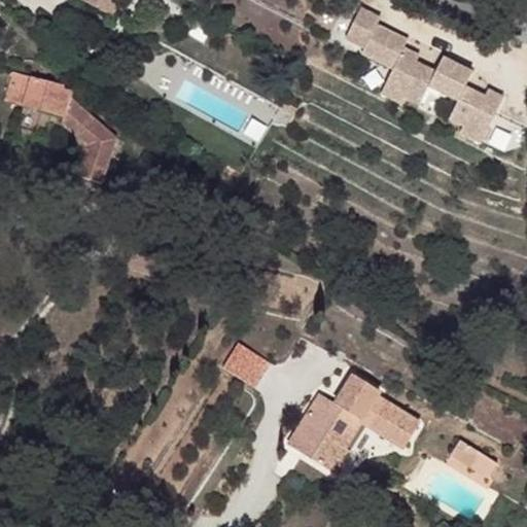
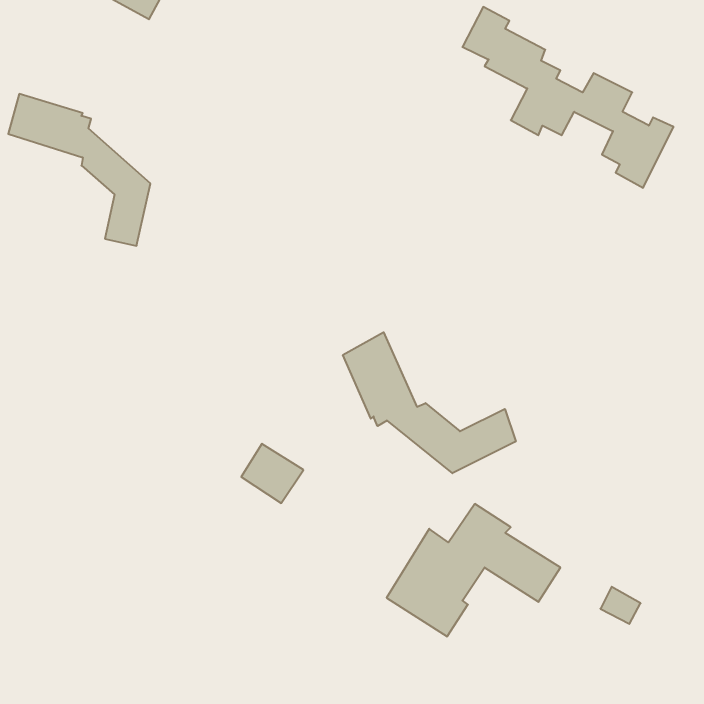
building: none -> [343,332,516,473]
building: [223,343,270,387] -> [241,444,303,503]

